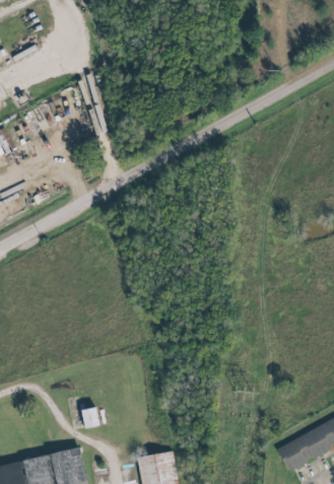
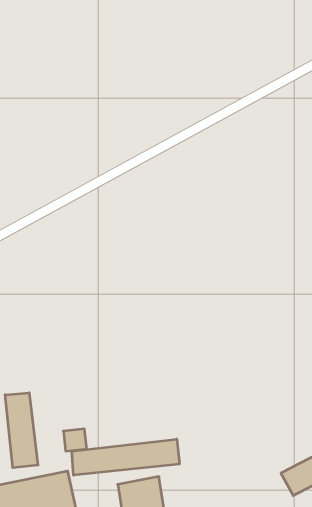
building: none -> [5,393,38,468]
building: none -> [72,439,179,475]

